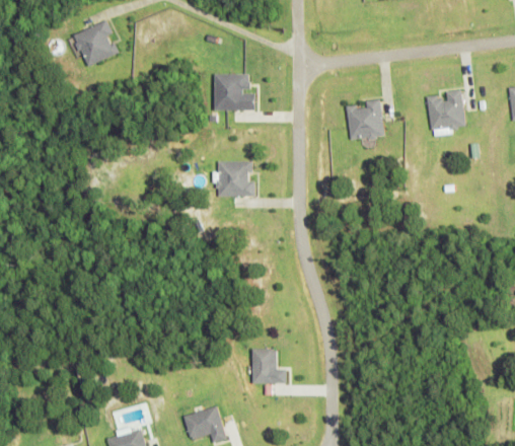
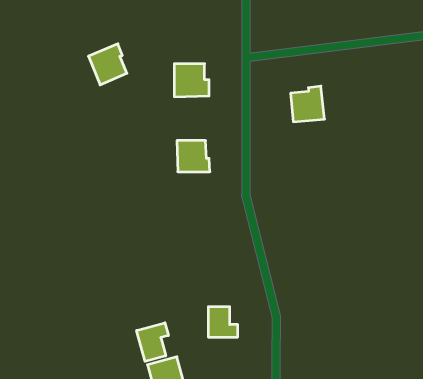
building: [73,19,117,66] -> [88,44,127,85]
building: [426,88,465,130] -> none
building: none -> [137,323,168,361]

